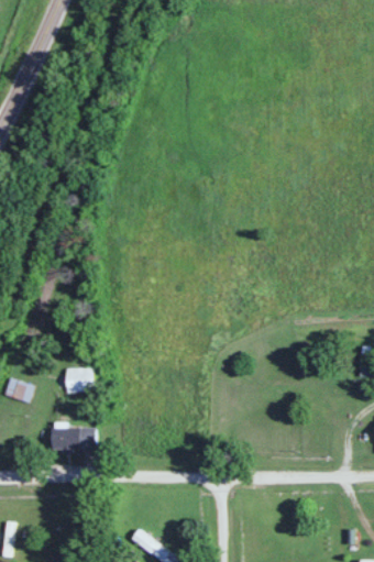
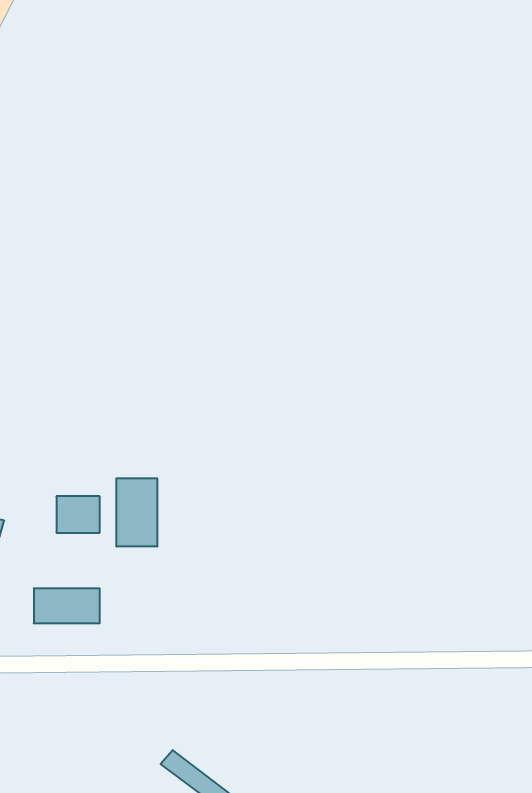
building: none -> [116,478,157,547]

